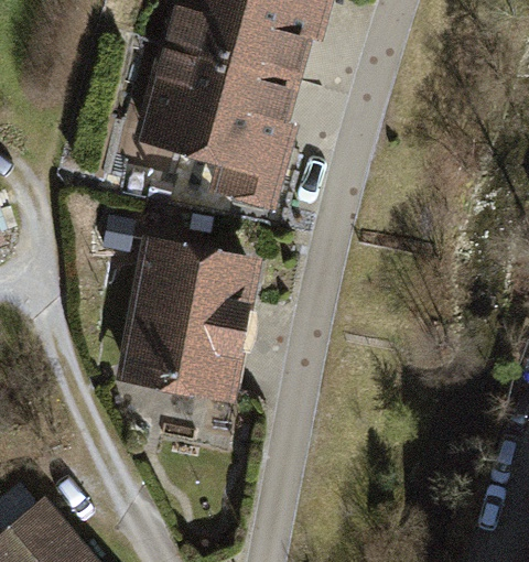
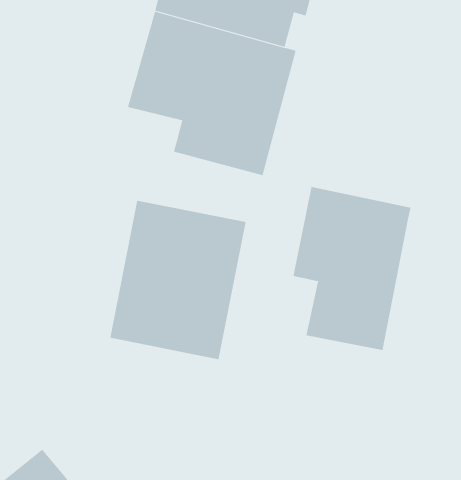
building: none -> [293,186,411,351]

